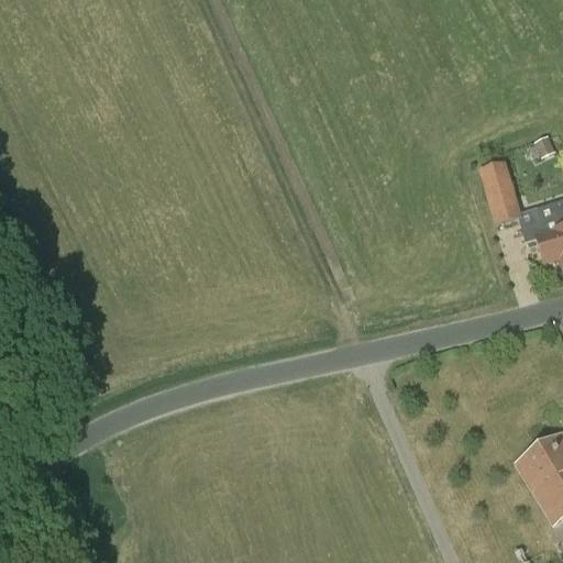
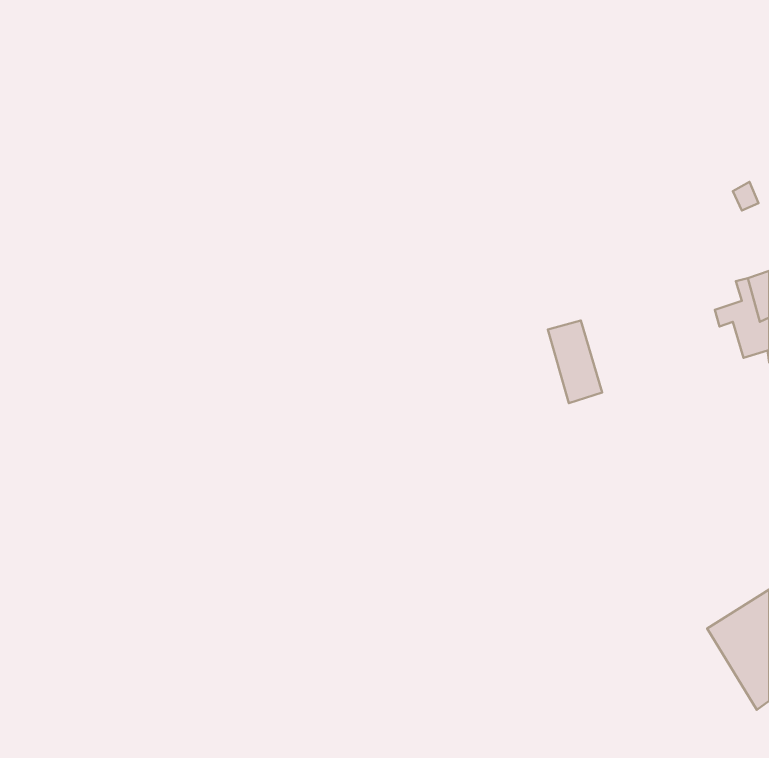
building: [479,163,519,223] -> [548,320,602,403]

